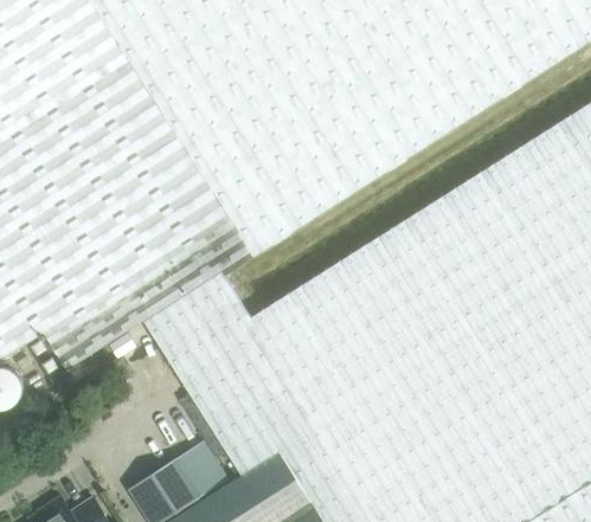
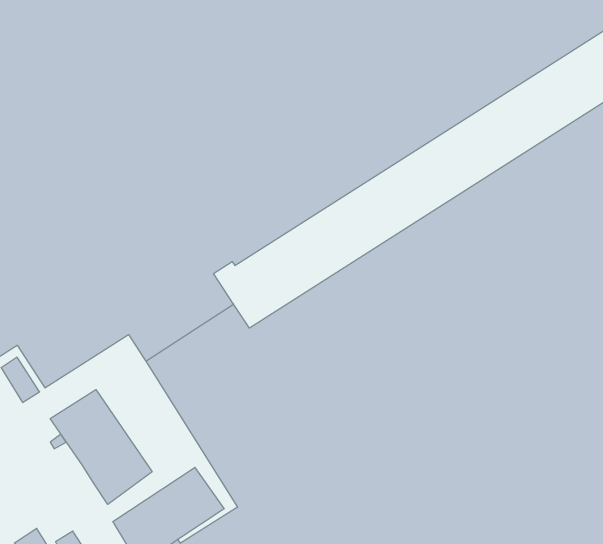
building: none -> [50,390,152,504]

